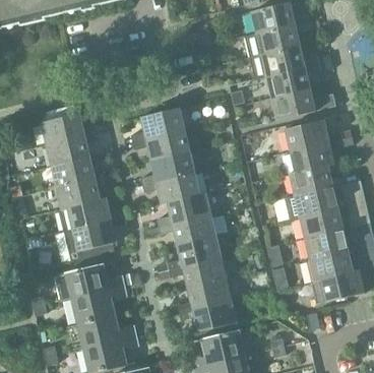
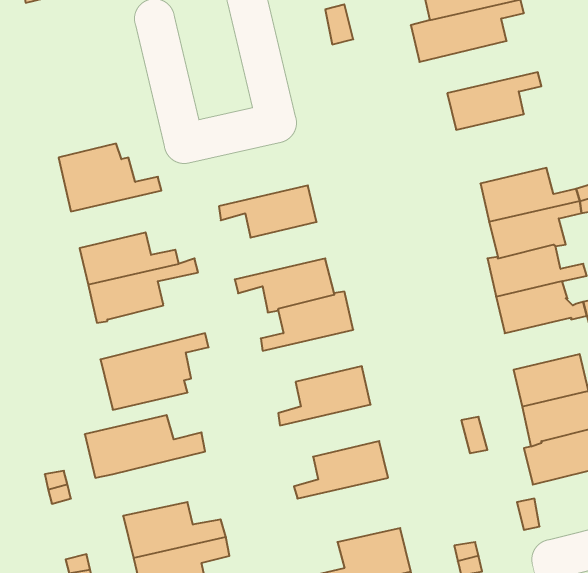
building: [249,45,318,78] -> none
building: [270,87,335,119] -> none
building: [130,107,184,141] -> none
building: [46,132,100,166] -> none
building: [140,150,194,184] -> none
building: [58,196,124,231] -> none
building: [299,206,342,237] -> none
building: [158,213,215,244] -> none
building: [168,257,226,288] -> none
building: [70,285,127,322] -> none
building: [178,300,236,331] -> none

